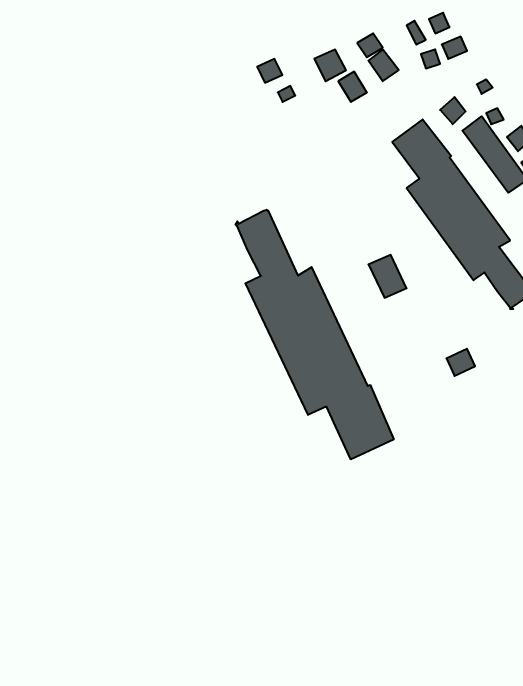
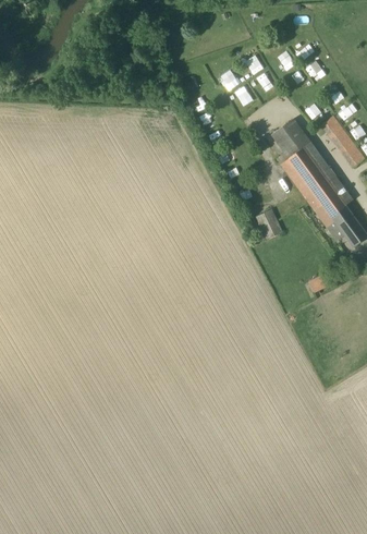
building: [236,210,394,459] -> none

